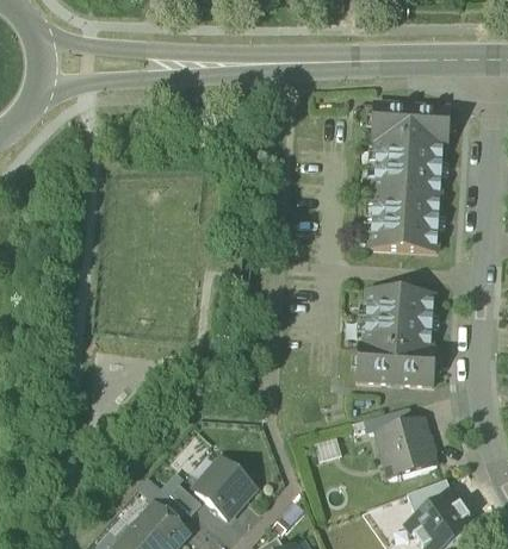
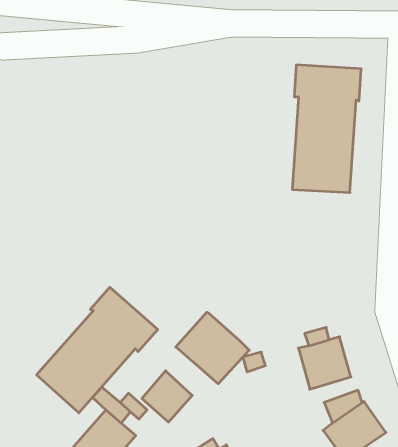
building: [357,291,434,385] -> none
building: none -> [37,287,158,413]
building: none -> [176,312,249,384]

